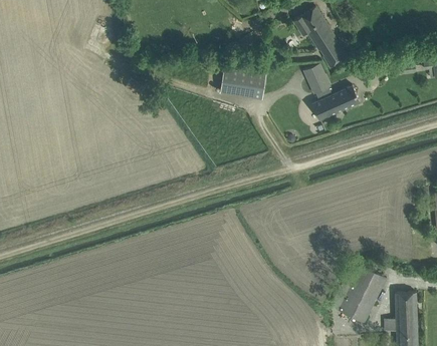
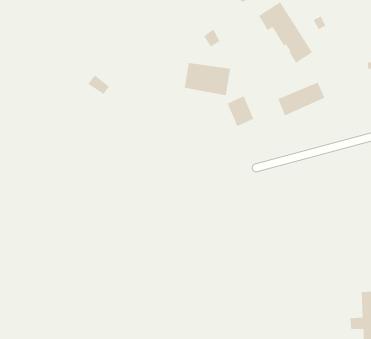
building: [303,62,331,93] -> [227,95,254,127]
building: [339,265,387,323] -> none

